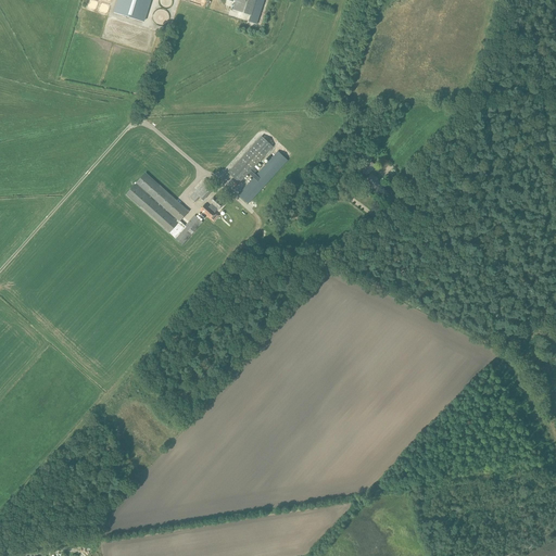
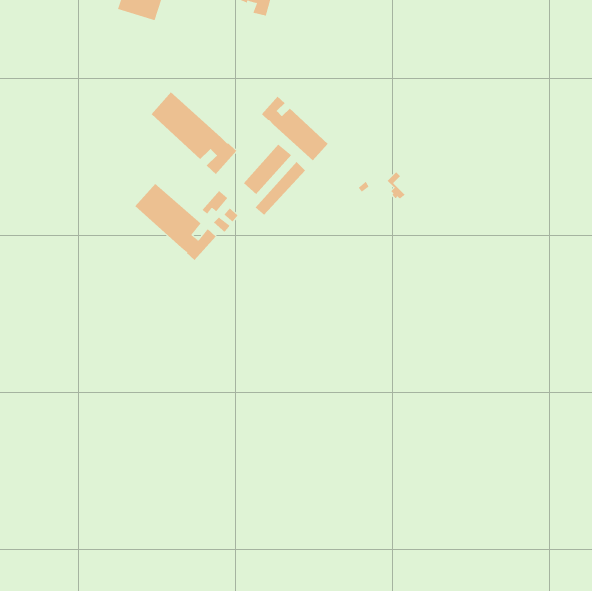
building: none -> [151,92,237,175]
building: none -> [261,96,329,161]

